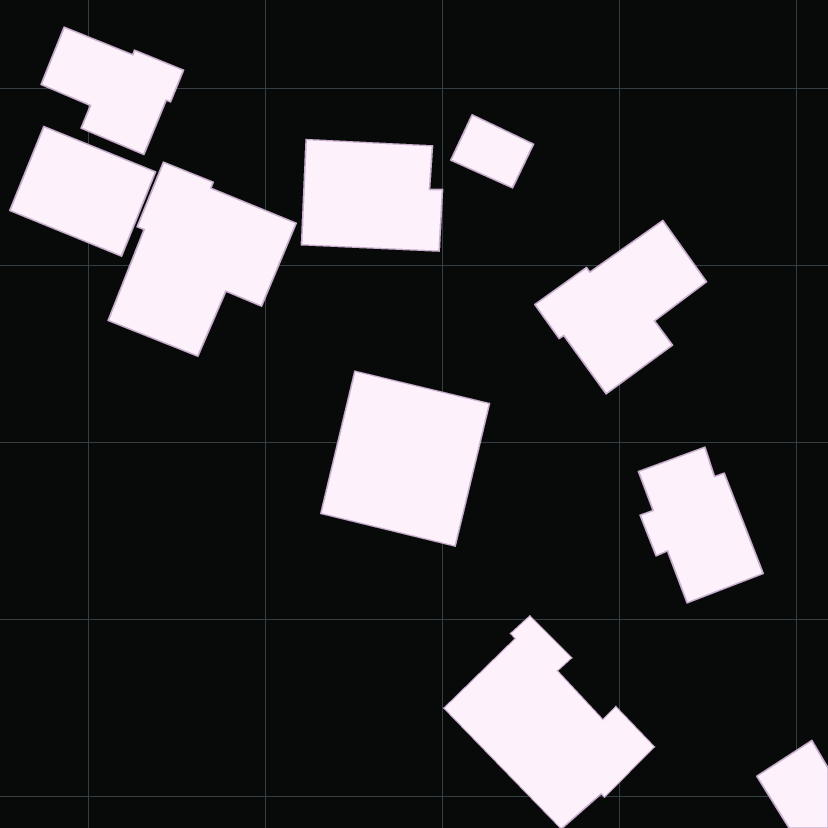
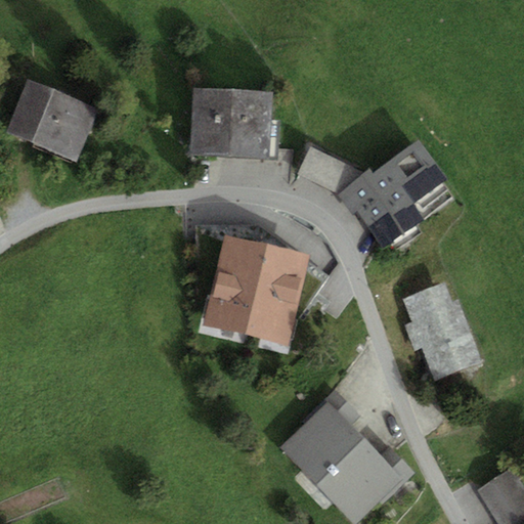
building: [41,27,183,154] -> none
building: [451,115,534,188] -> [297,145,349,191]
building: [108,162,296,356] -> none

